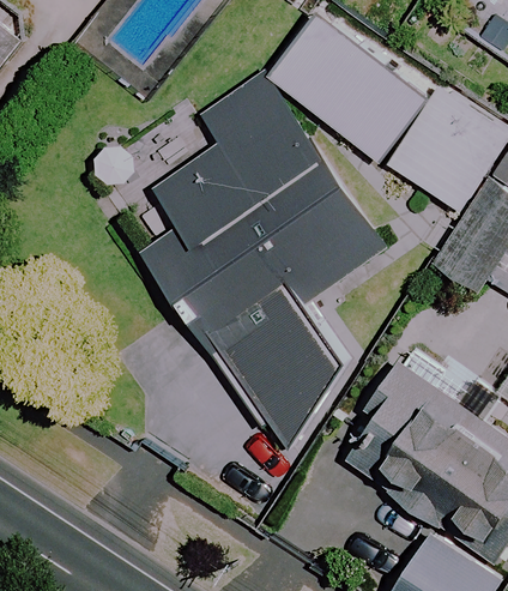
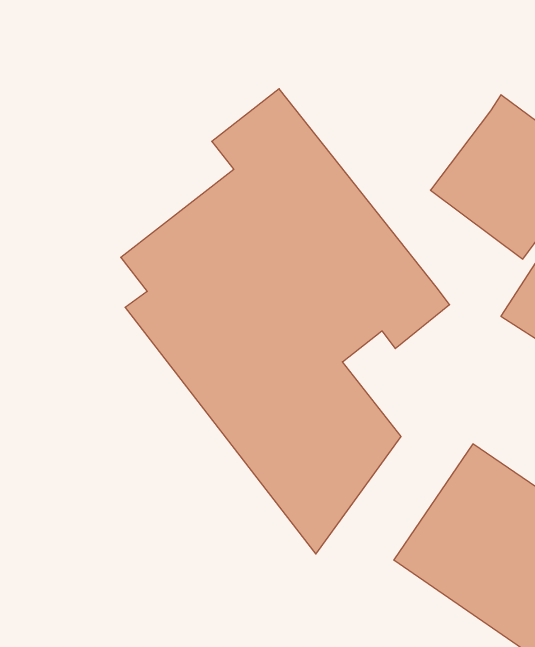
building: [272,13,428,157] -> none

